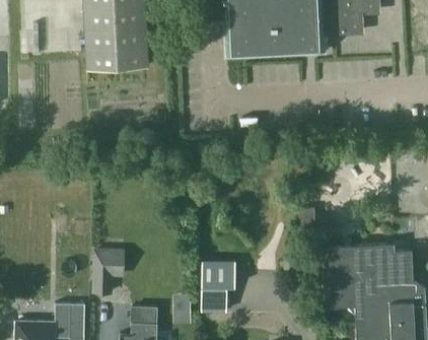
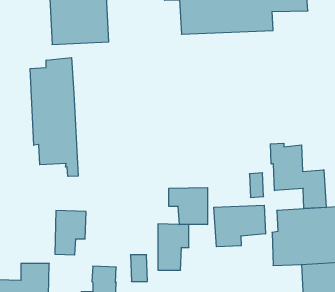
building: none -> [30,58,78,176]
building: none -> [270,143,326,208]
building: none -> [169,188,207,225]
building: none -> [214,205,265,247]

